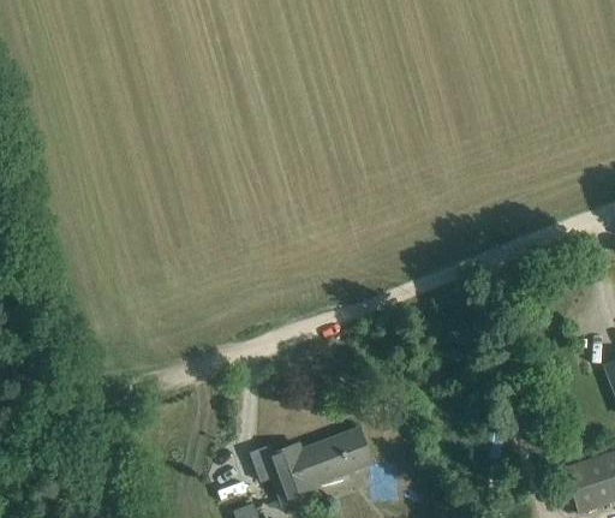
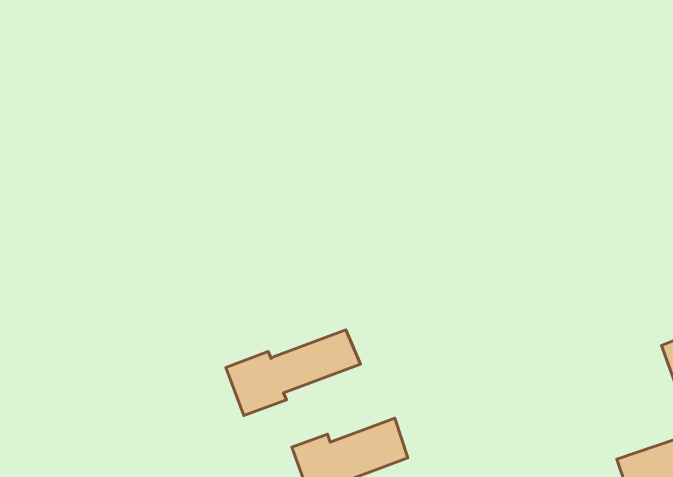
building: none -> [226,330,360,416]

